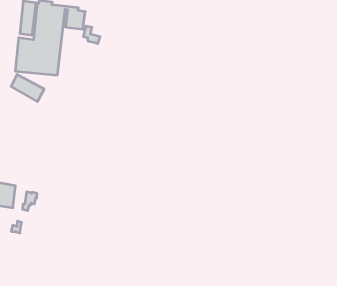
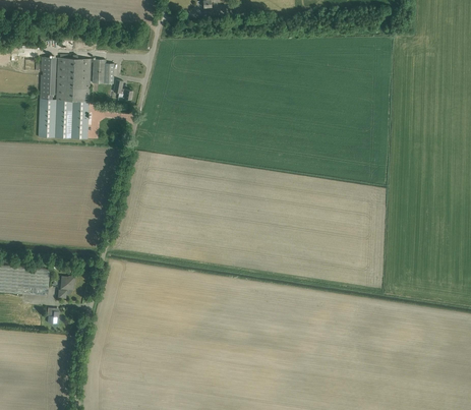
building: [11,74,44,102] -> none

